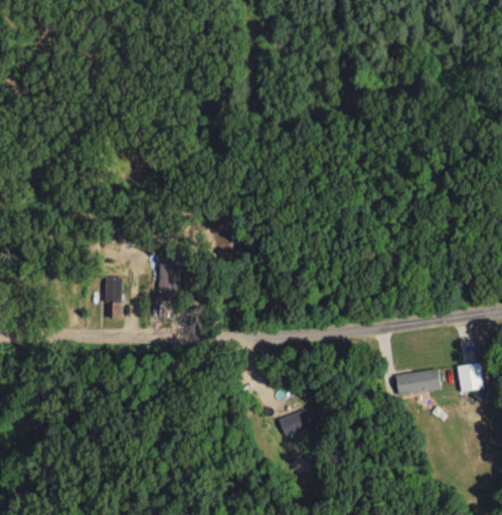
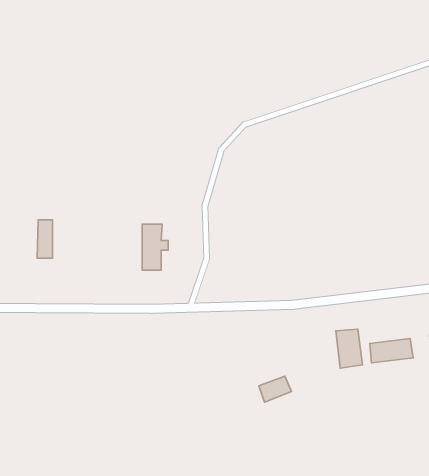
building: [105,277,121,317] -> [37,220,53,258]
building: none -> [336,329,363,368]

